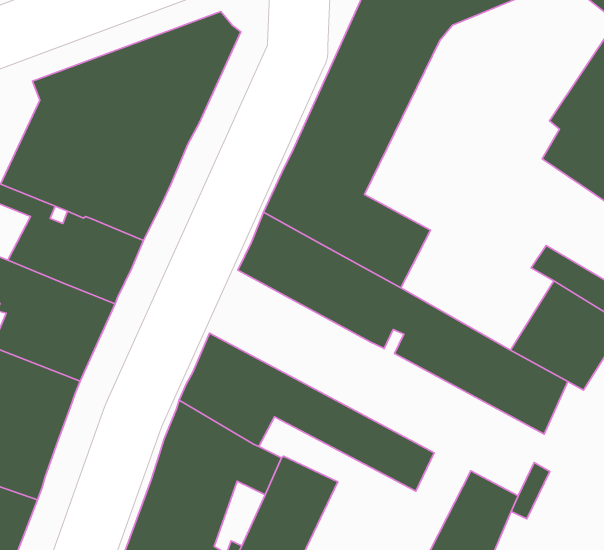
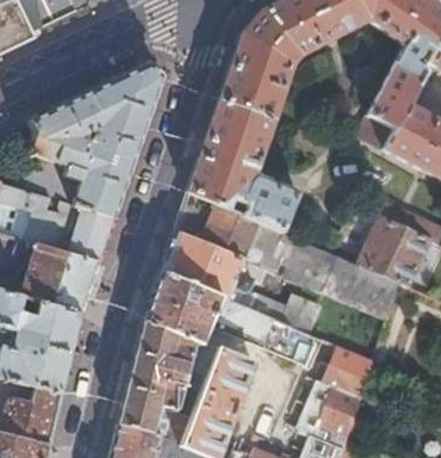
building: none -> [162,229,321,333]

